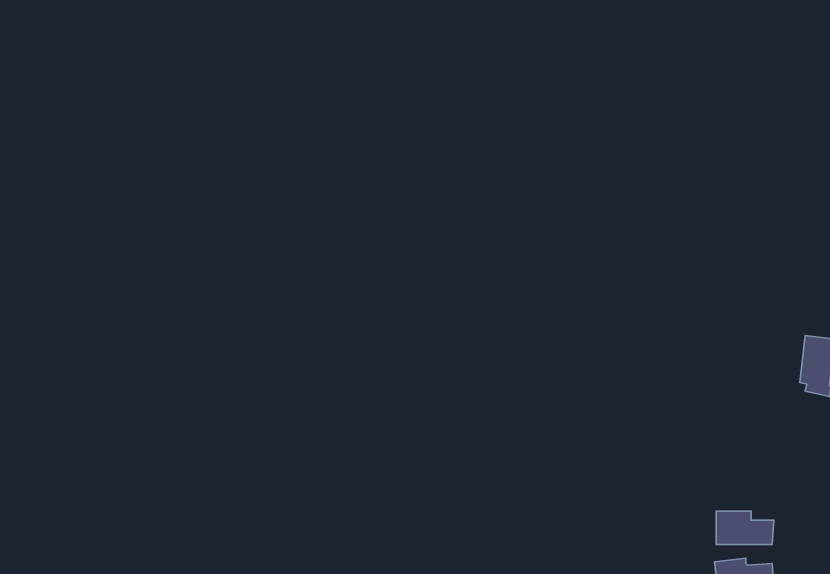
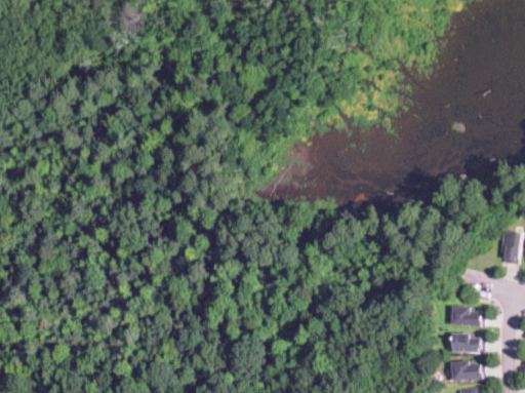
building: none -> [450,305,484,327]

